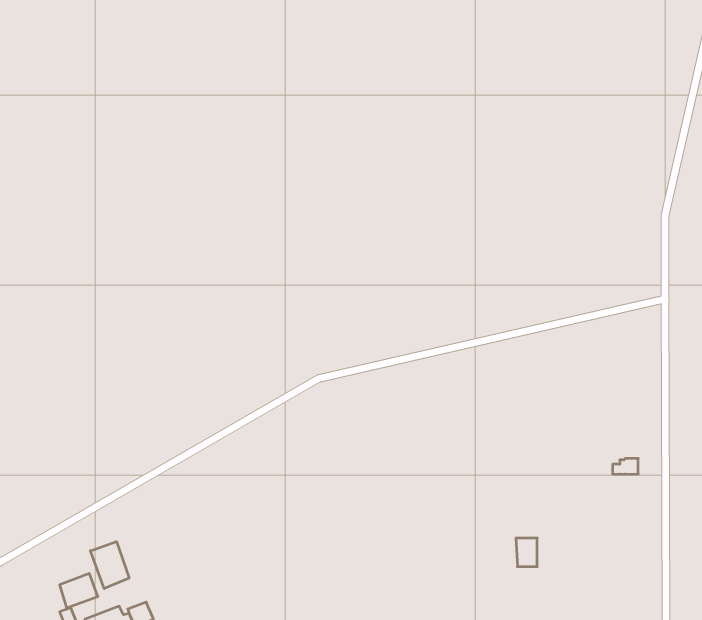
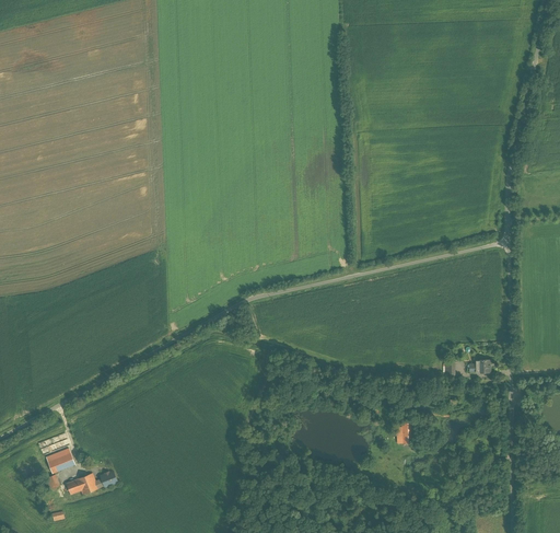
building: [90,542,129,589] -> none

